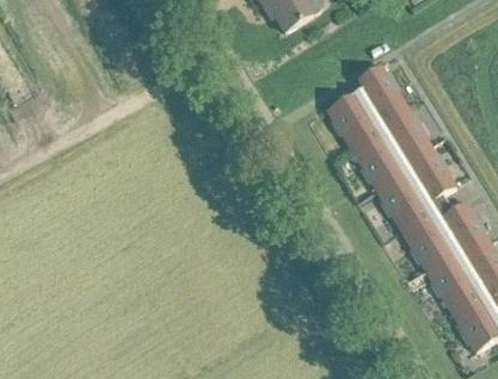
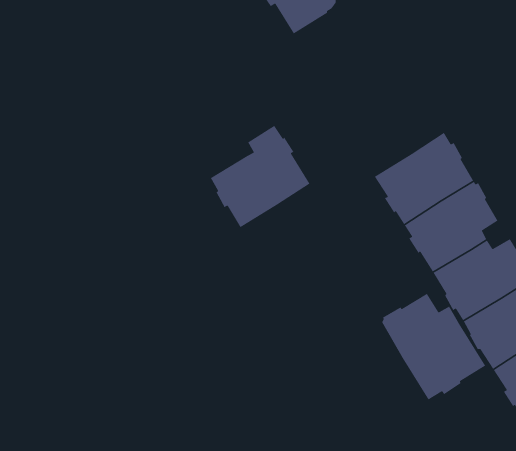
building: [325,63,408,149] -> [210,125,310,228]
building: none -> [381,293,486,400]

